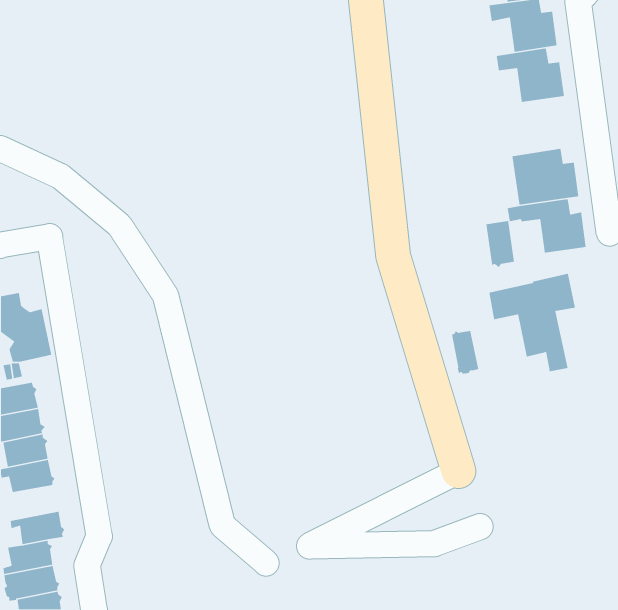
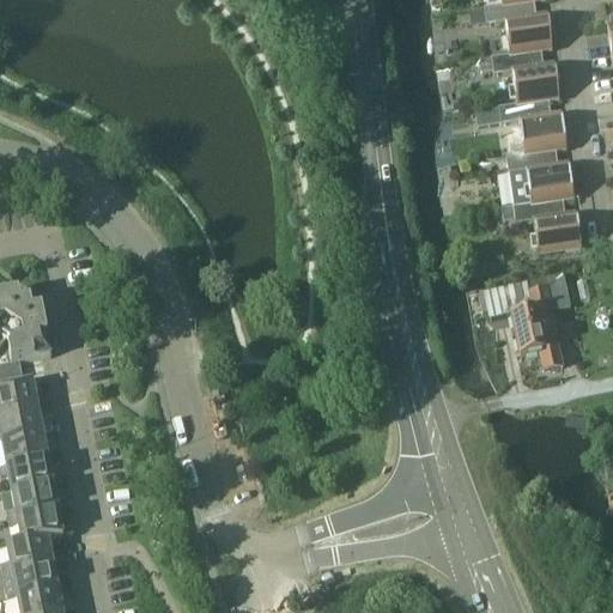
building: none -> [499,96,566,154]
building: [486,220,515,268] -> none
building: [451,330,479,374] -> none
building: none -> [7,481,59,516]

